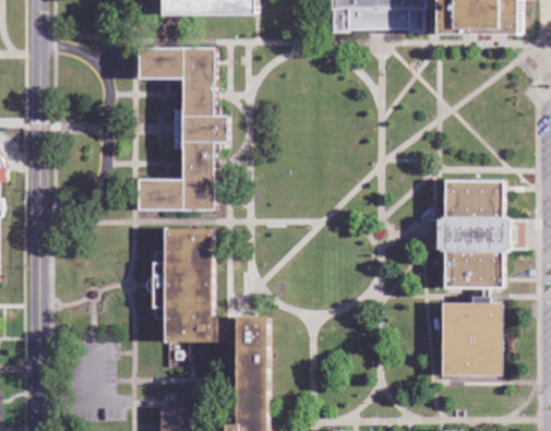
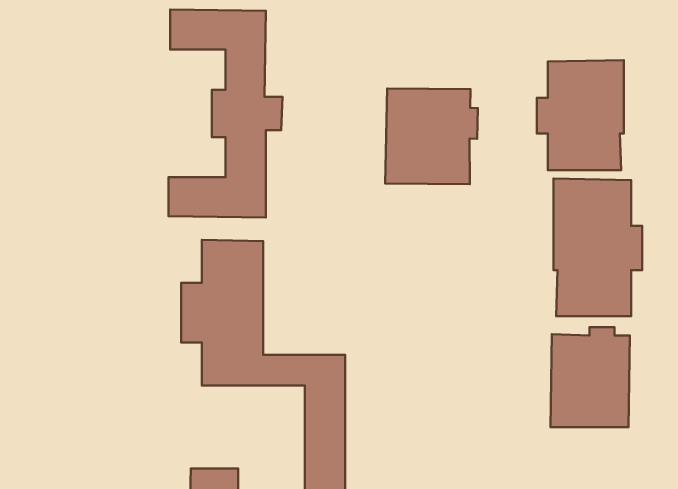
building: none -> [537,60,624,170]
building: none -> [385,89,478,184]

